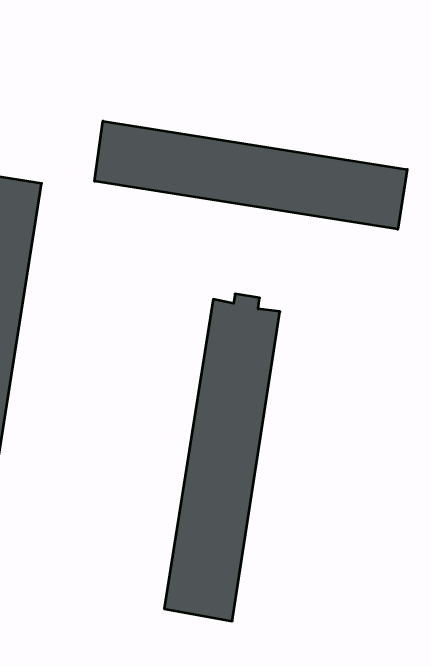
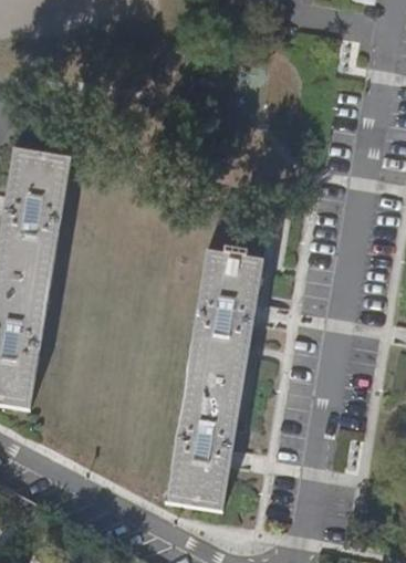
building: [95,121,407,229] -> none

